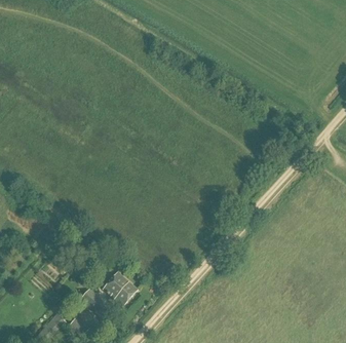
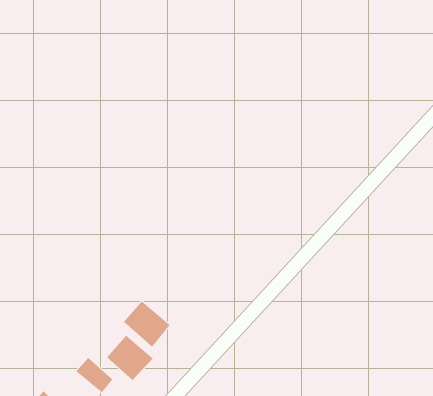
building: none -> [123,300,171,348]

